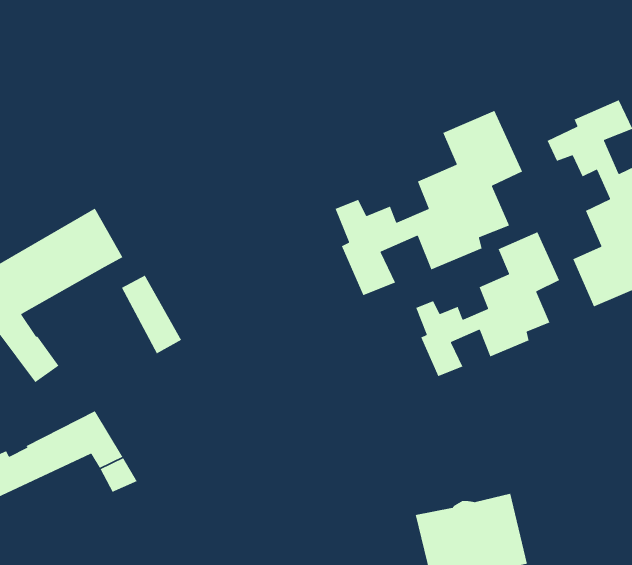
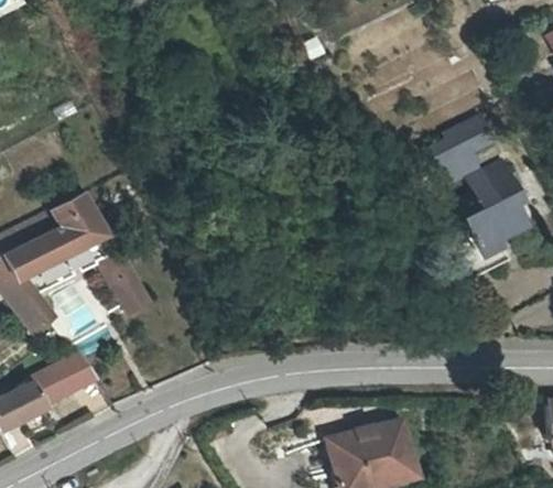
building: [335,110,523,296] -> none
building: [415,231,560,377] -> none

